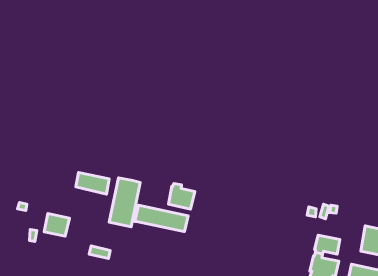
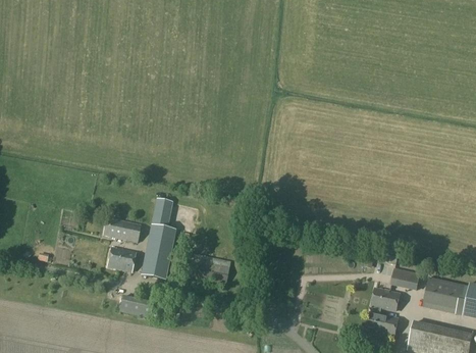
building: none -> [152,197,173,226]
building: [169,184,195,209] -> none
building: [44,214,70,236] -> [108,246,137,271]
building: none -> [391,267,420,289]

